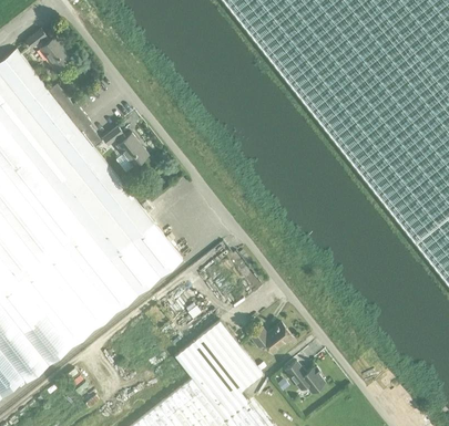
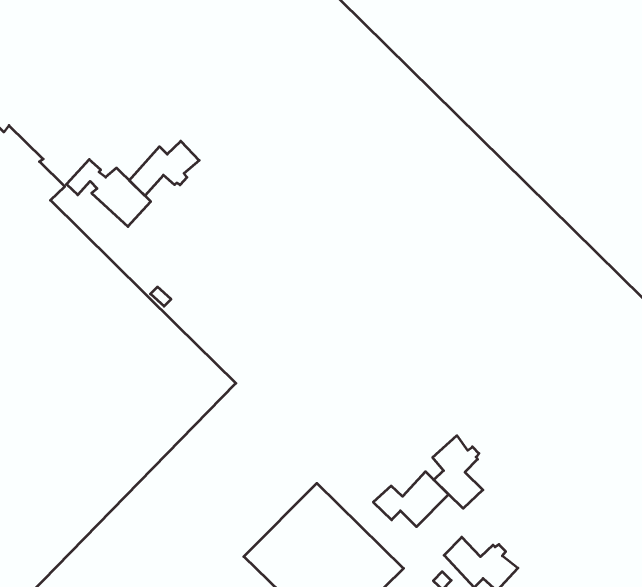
building: none -> [129,141,199,196]
building: none -> [433,436,483,508]

